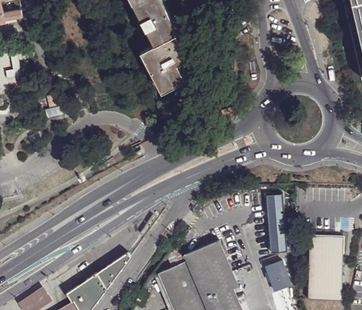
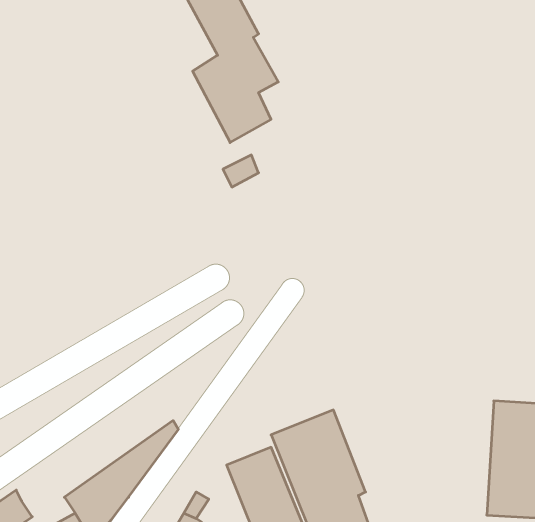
building: [265,195,285,253] -> none
building: [264,260,290,292] -> none

